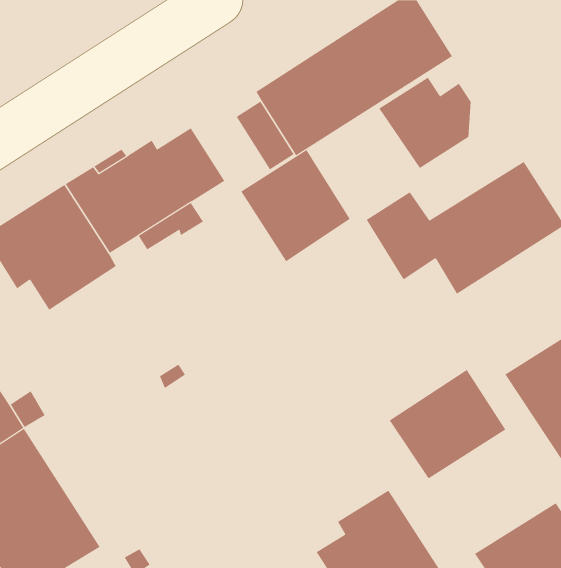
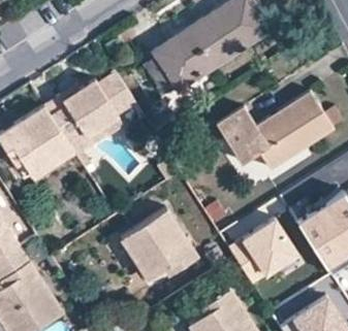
building: [379,77,471,169] -> none
building: [240,149,351,262] -> none
building: none -> [120,211,196,283]

